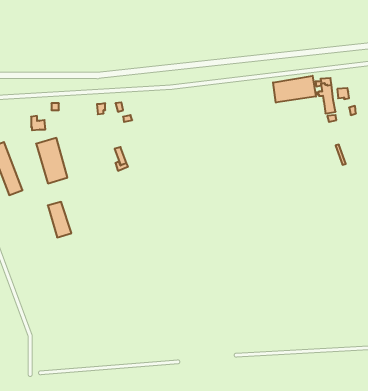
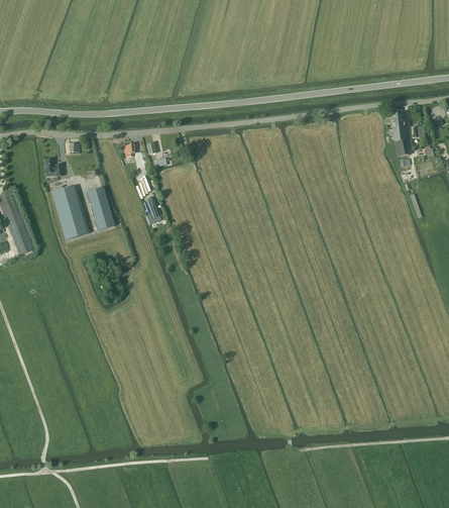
building: [273,76,316,103] -> none
building: [48,202,71,237] -> [87,187,115,229]

